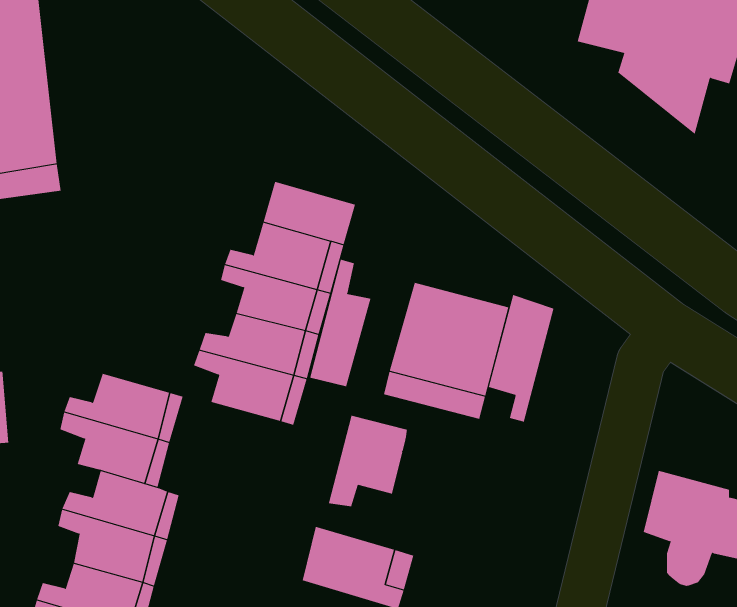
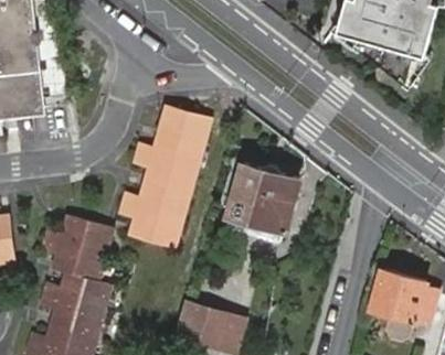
building: [309,259,371,387] -> none
building: [488,294,554,422] -> none
building: [328,415,407,507] -> none

